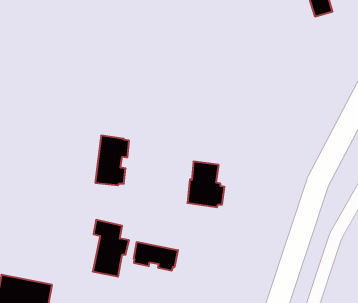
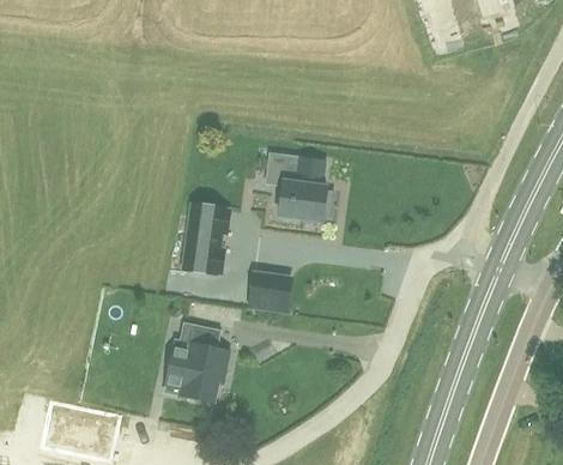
building: [187,162,225,207] -> [279,157,332,222]
building: [134,242,178,271] -> none

